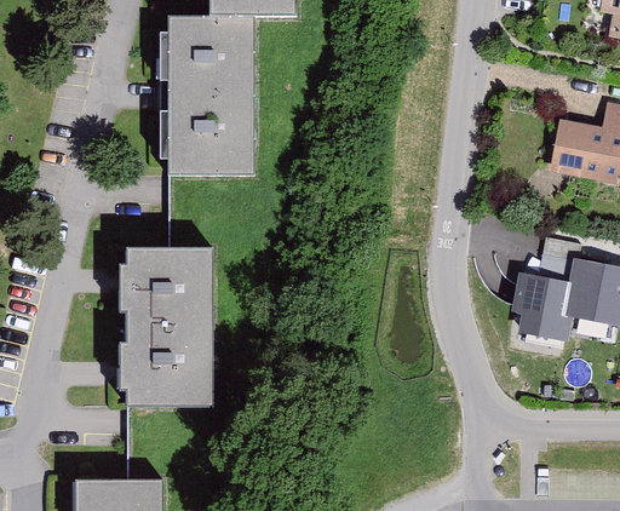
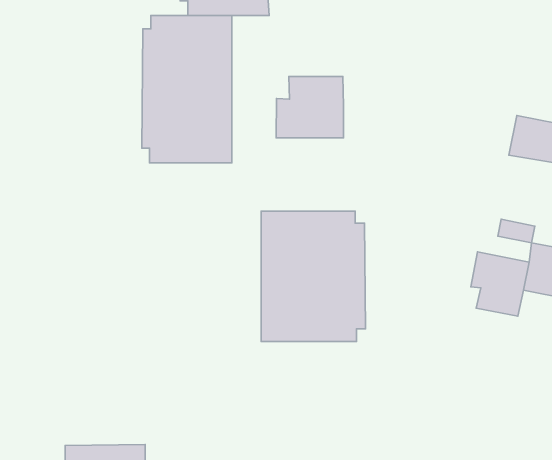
building: none -> [276,76,344,138]
building: none -> [261,211,366,342]
building: [119,248,213,407] -> none

